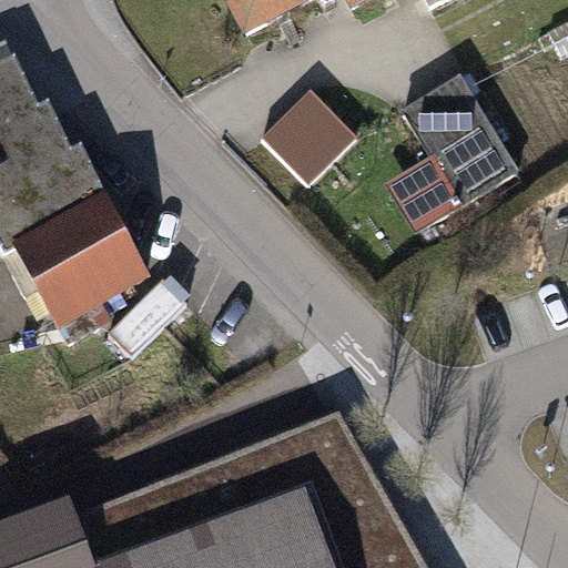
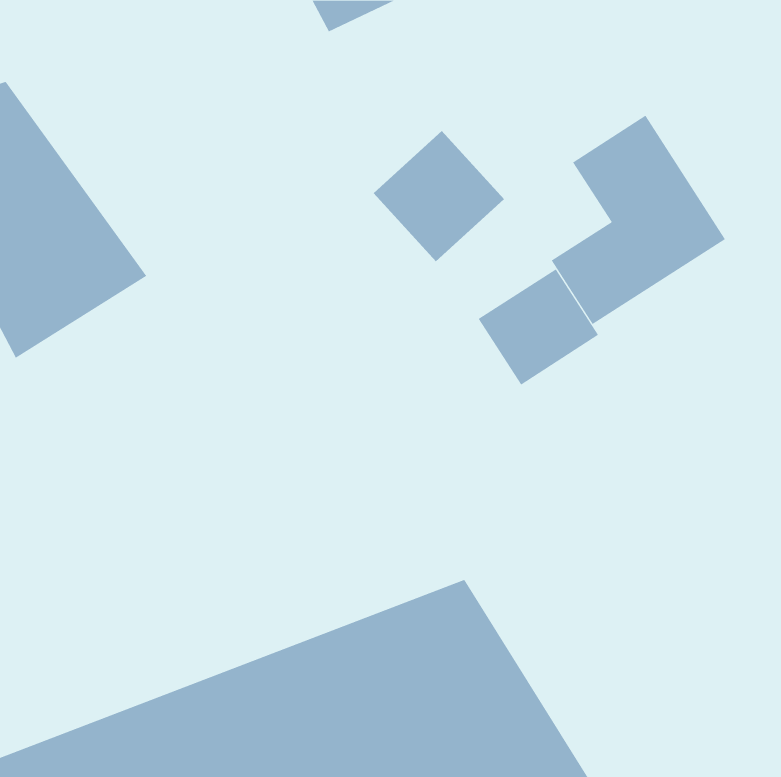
building: none -> [478,268,599,385]
building: [11,204,146,329] -> none

